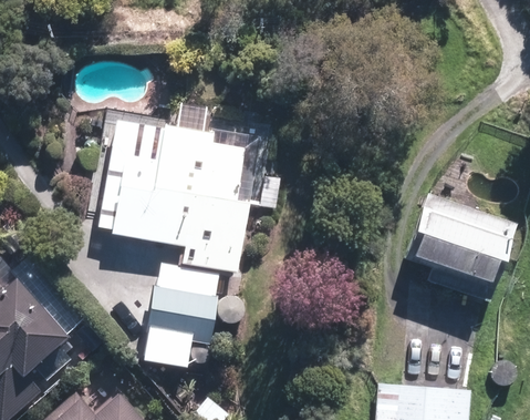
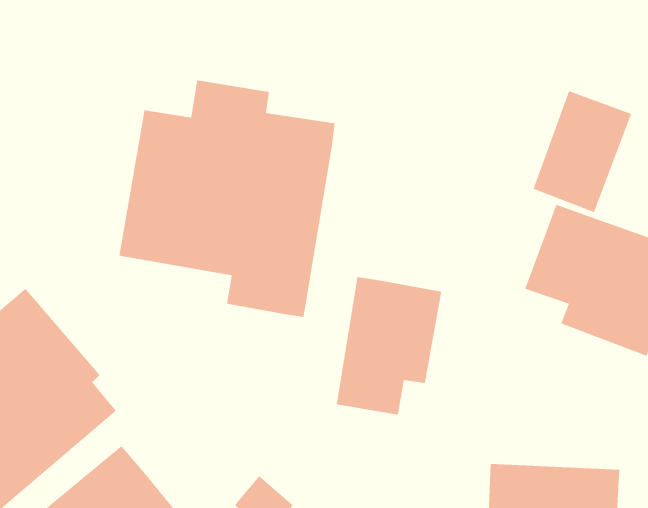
building: none -> [532,90,632,213]
building: [143,264,221,367] -> [336,276,442,415]

